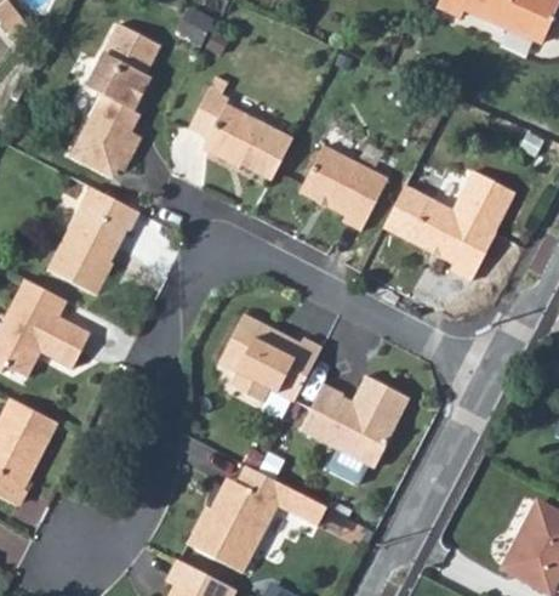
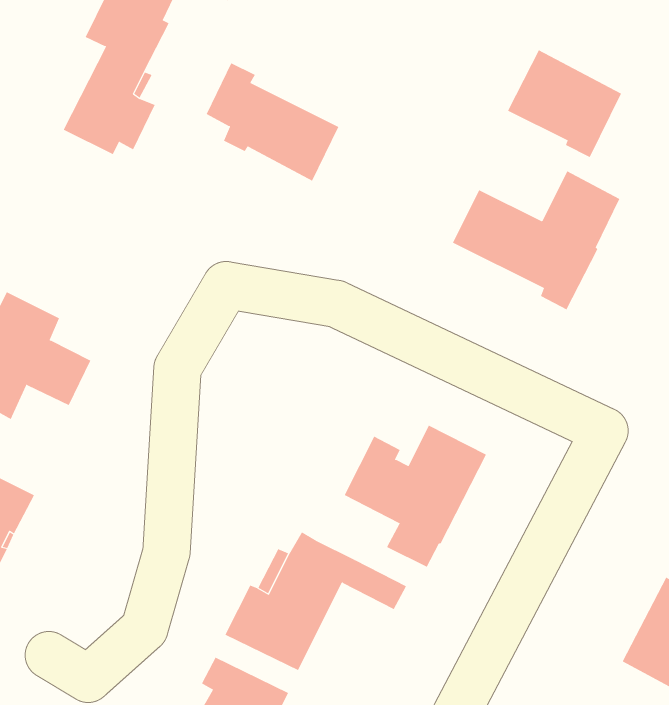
building: [298,148,387,232] -> [507,50,622,158]
building: [56,176,147,285] -> none
building: [213,316,316,403] -> none

